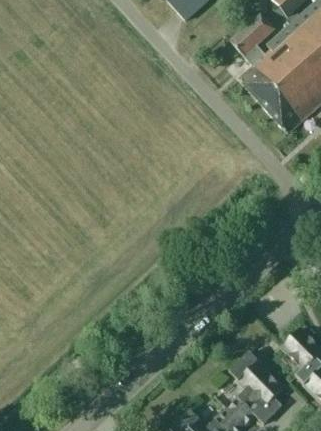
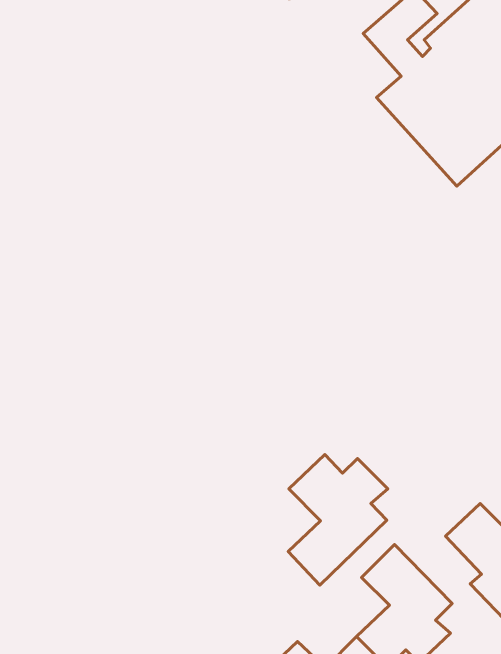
building: none -> [288,455,388,585]

